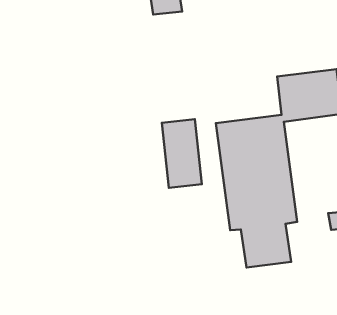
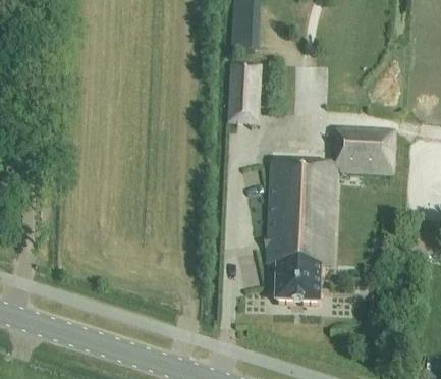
building: [162,119,202,188] -> [227,59,263,123]

